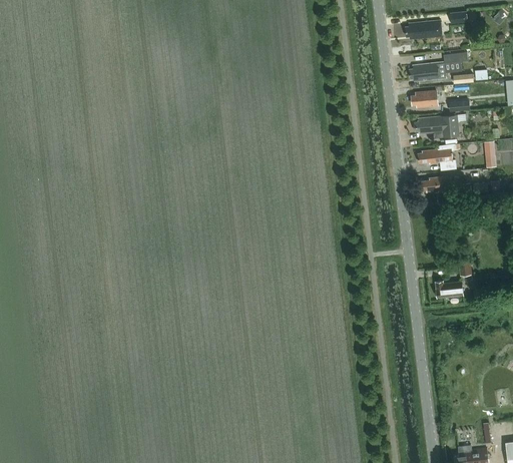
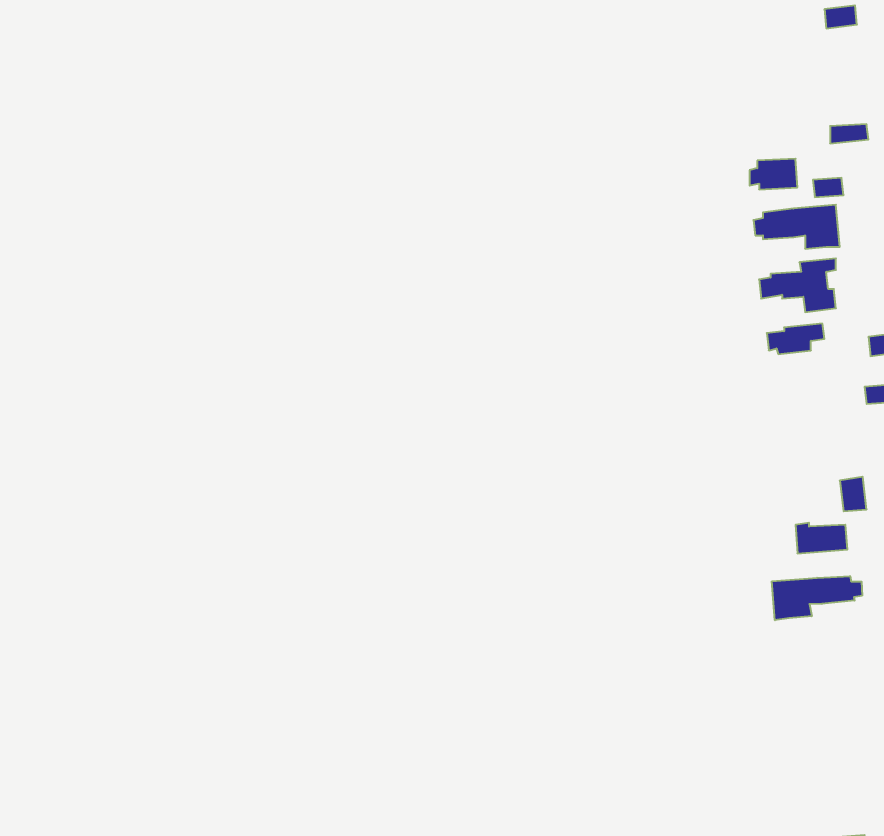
building: [404,19,441,39] -> none
building: [409,51,468,82] -> none
building: none -> [772,576,862,620]

